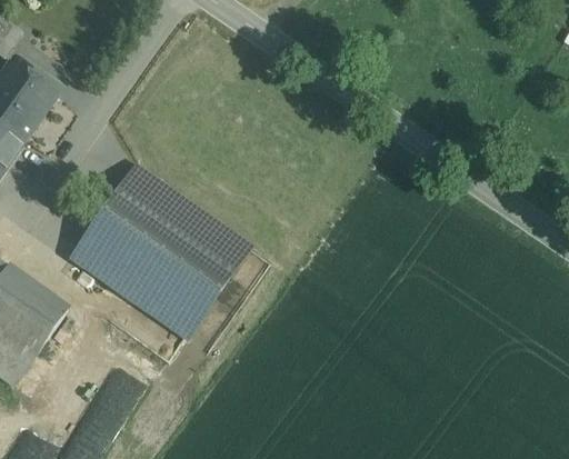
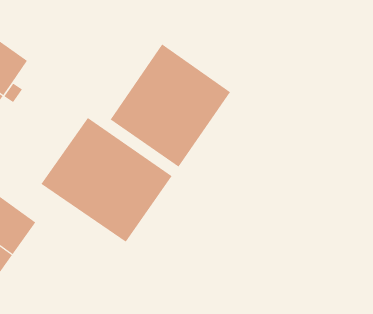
building: none -> [110,43,231,168]

